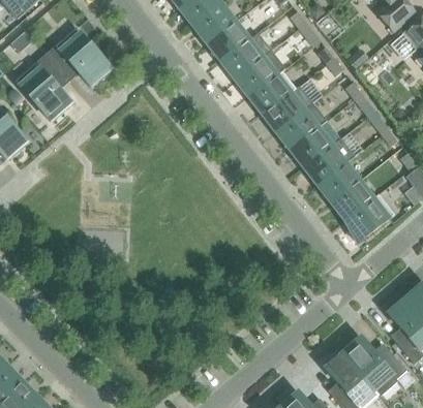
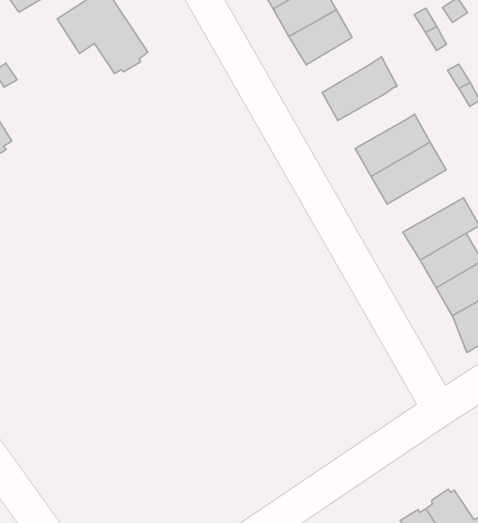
building: [220,38,263,79] -> none
building: [14,53,70,120] -> none
building: [247,69,296,114] -> none
building: [289,126,332,166] -> none

